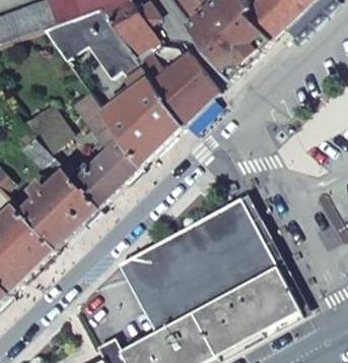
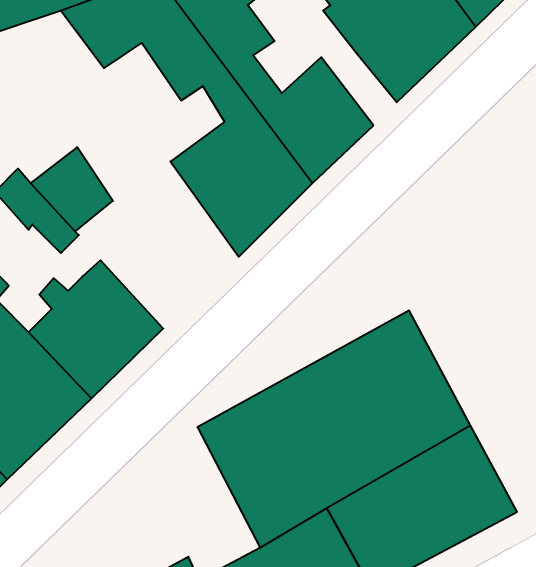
building: [75,92,143,206] -> none

